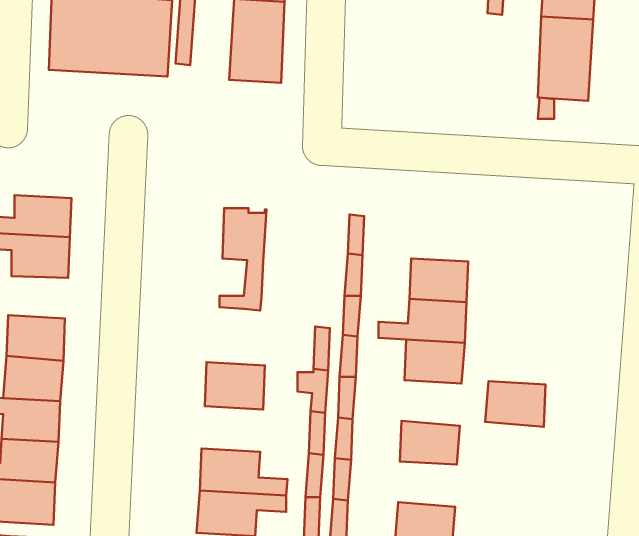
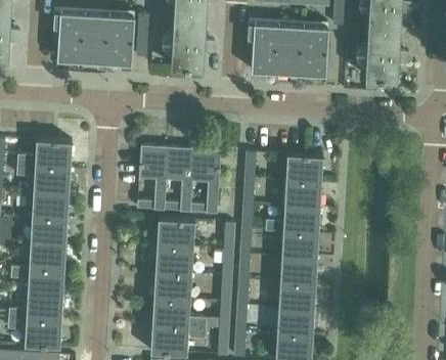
building: none -> [250,25,327,78]
building: none -> [136,147,167,212]
building: none -> [189,150,220,216]
building: none -> [284,155,322,183]
building: none -> [31,192,69,219]
building: none -> [155,220,194,249]
building: [485,381,545,427] -> [278,258,316,286]
building: none -> [152,274,191,303]
building: none -> [276,309,313,338]

